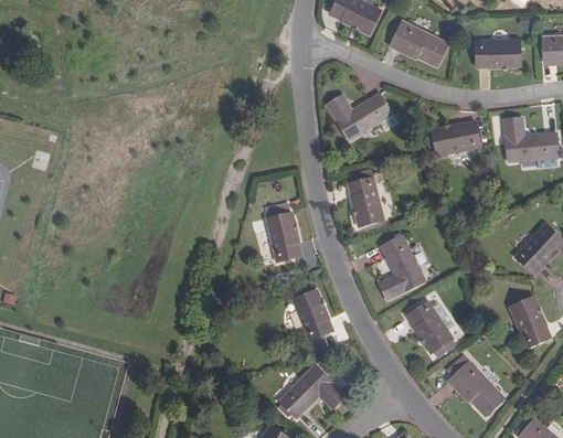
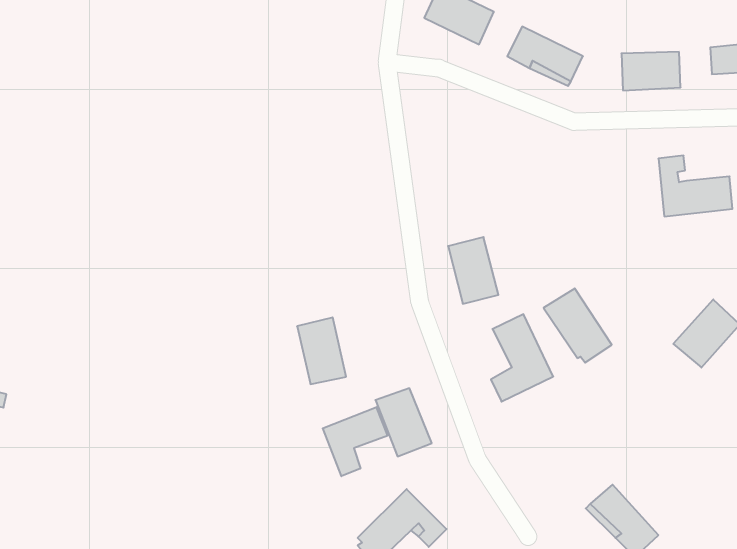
building: [326,93,393,141] -> none
building: [431,120,480,157] -> none
building: [266,212,302,261] -> [297,317,346,384]
building: [509,297,552,349] -> none
building: [405,301,456,356] -> [544,288,612,363]
building: none -> [323,407,388,476]

